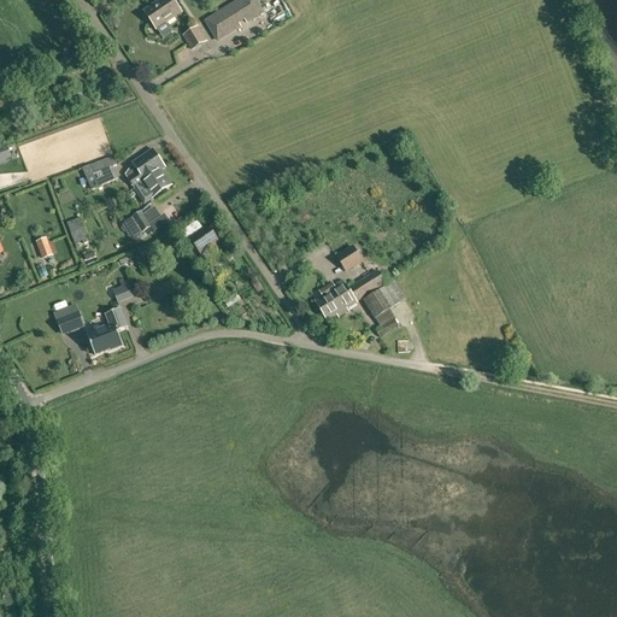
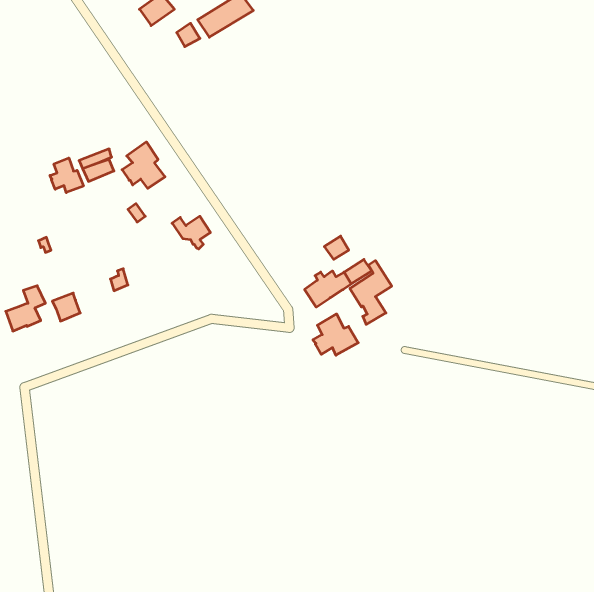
building: none -> [50,158,83,193]
building: [87,307,128,354] -> [6,286,45,331]
building: none -> [313,314,358,355]

